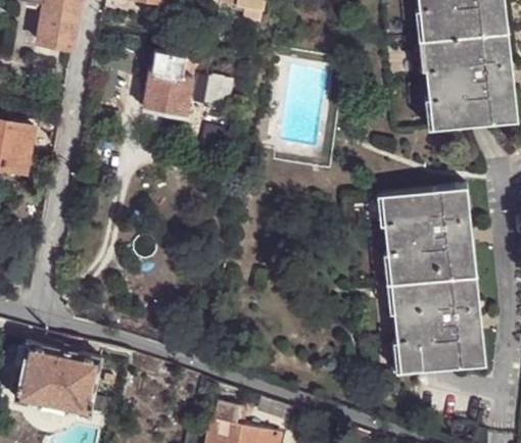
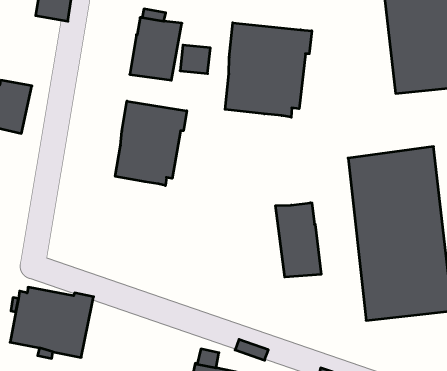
building: none -> [225,23,312,117]
building: none -> [115,101,187,186]
building: none -> [276,203,321,277]

